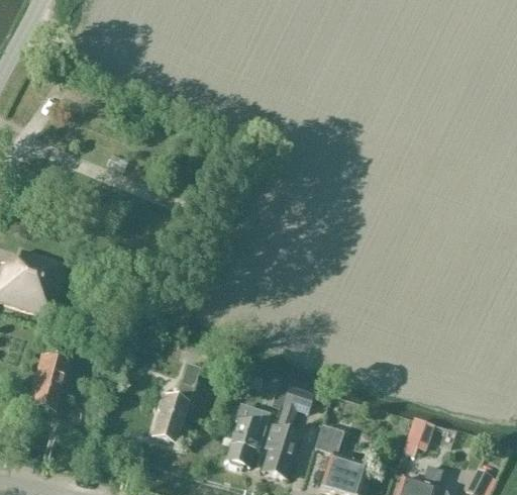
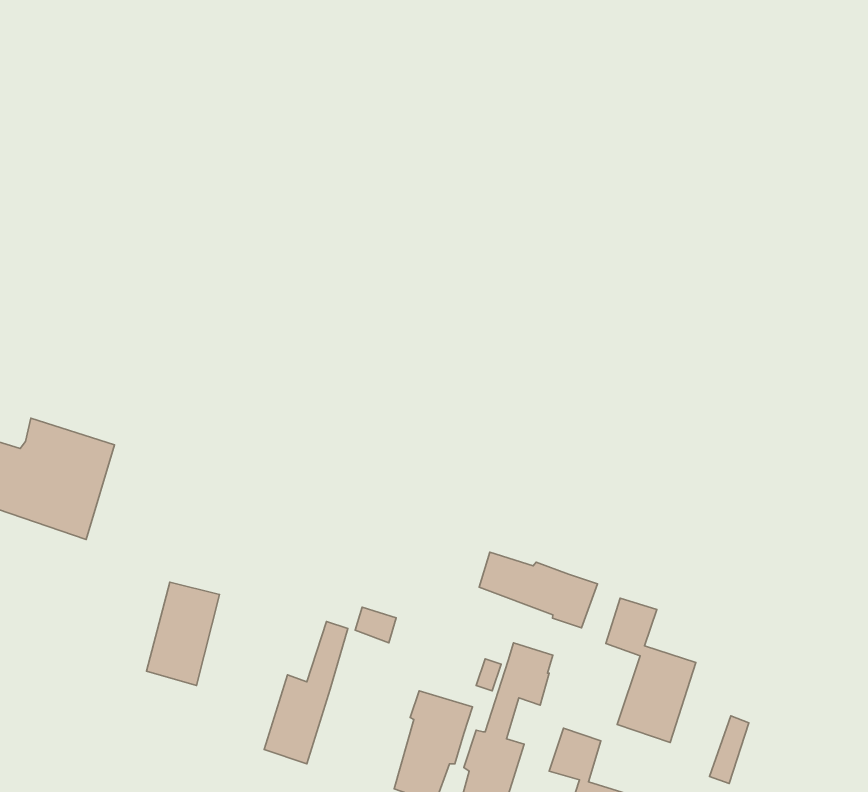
building: none -> [479,552,598,628]
building: none -> [606,598,696,742]
building: [28,353,70,411] -> [147,582,220,685]

